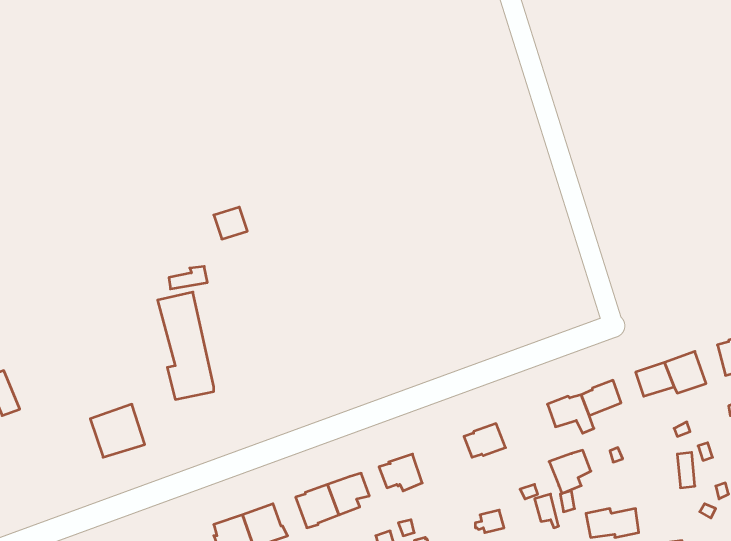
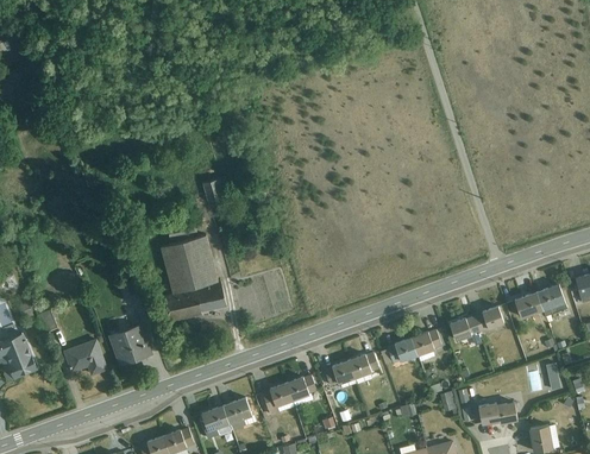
building: none -> [186,234,226,310]
building: none -> [64,339,106,373]
building: none -> [349,352,378,383]
building: [549,450,591,494] -> [410,329,441,361]

